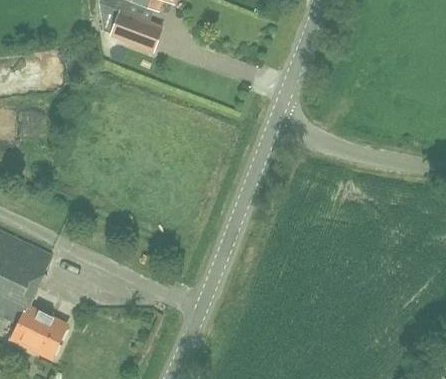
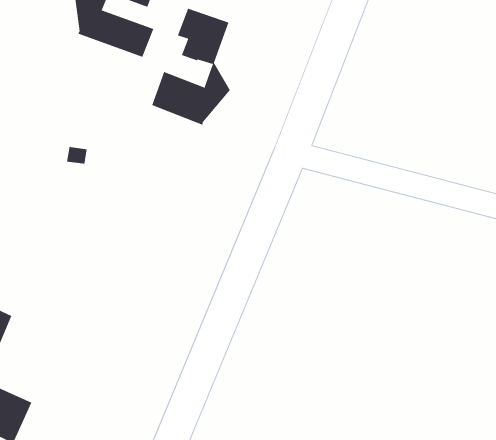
building: none -> [151,8,231,125]

